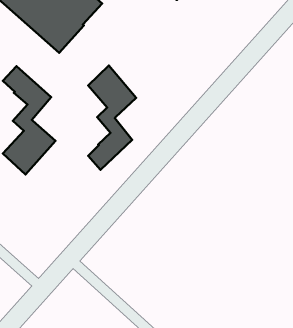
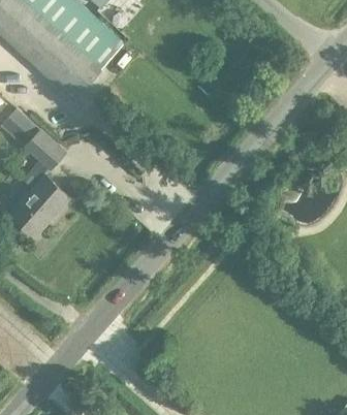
building: [88,65,136,170] -> none

